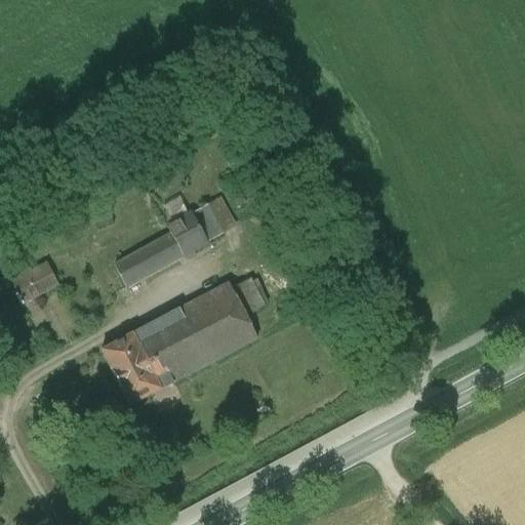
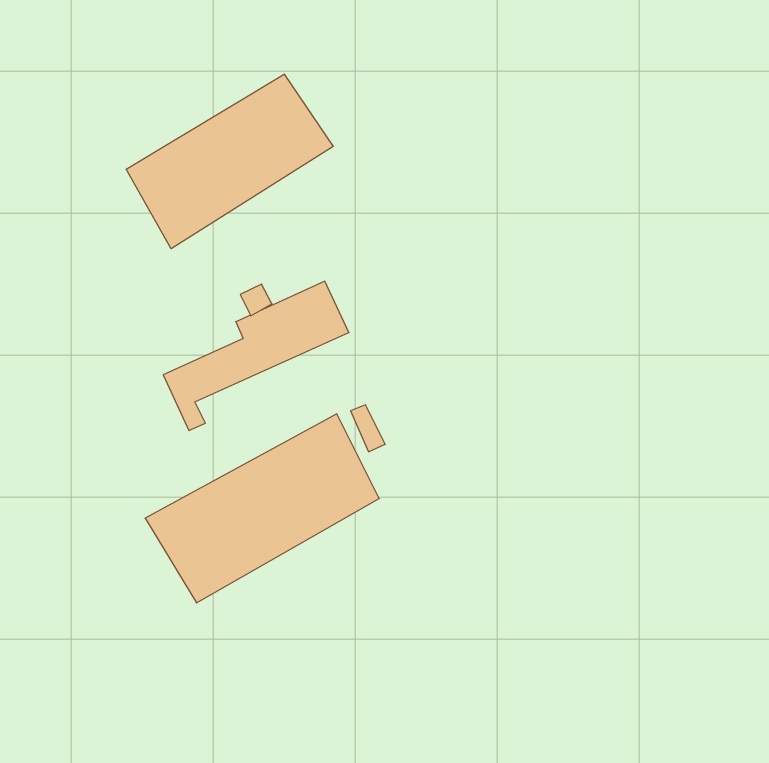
building: none -> [126,74,333,249]
building: [6,254,59,300] -> none

